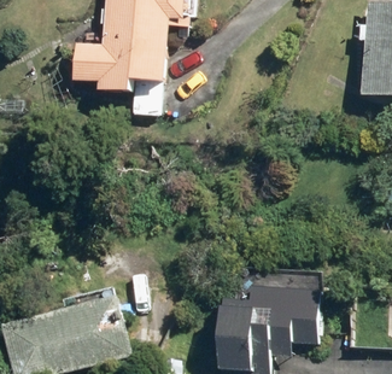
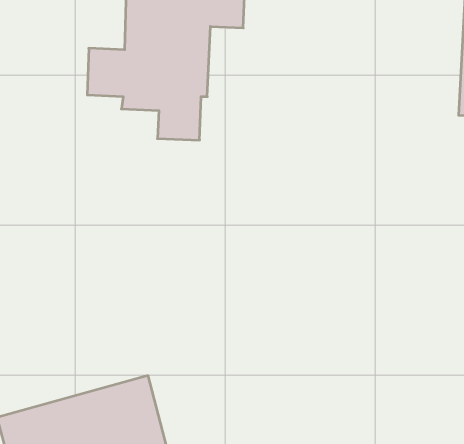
building: [223,286,318,340] -> none

